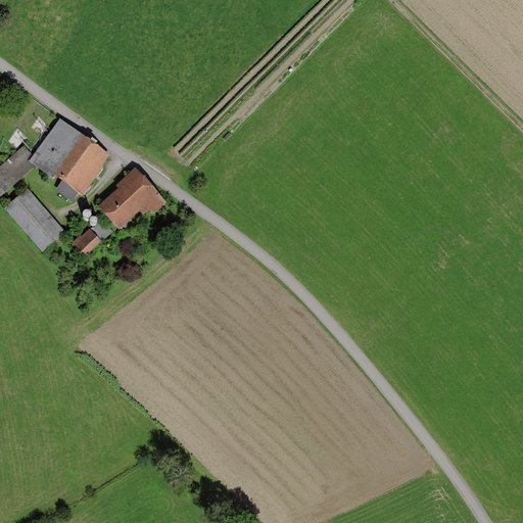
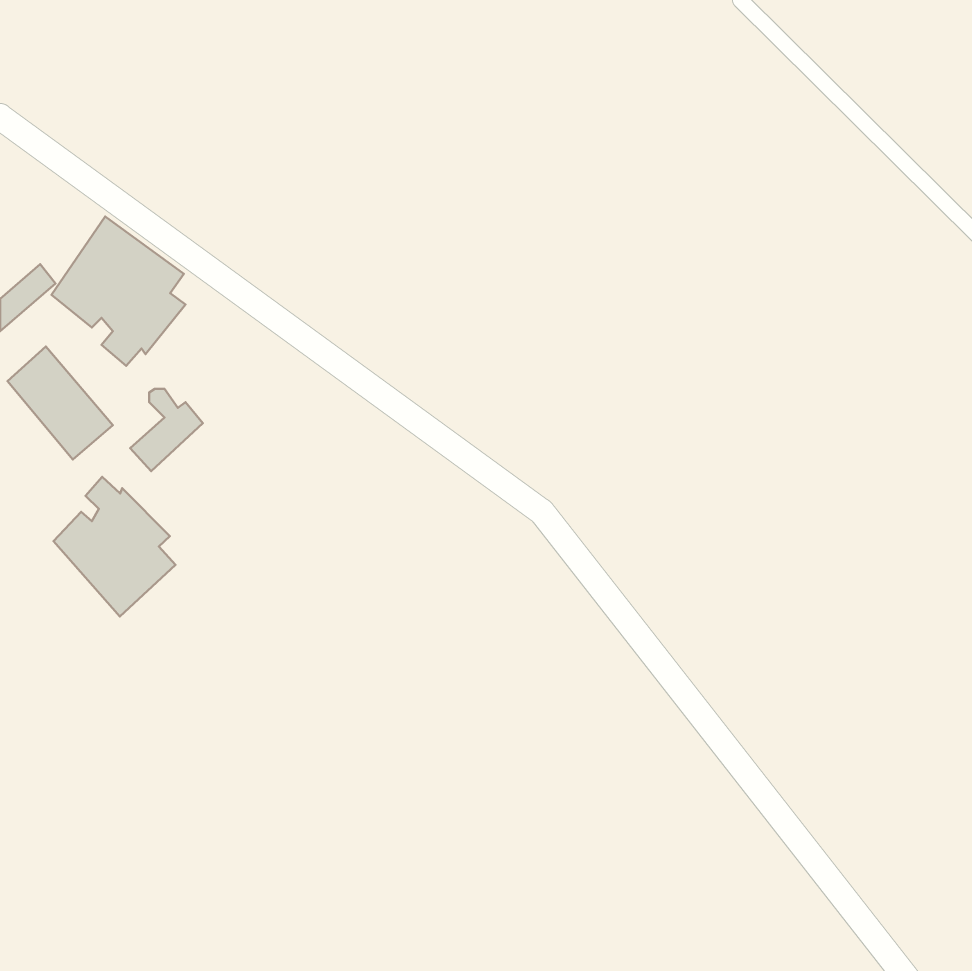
building: [101,169,163,228] -> none
building: none -> [53,477,175,616]

